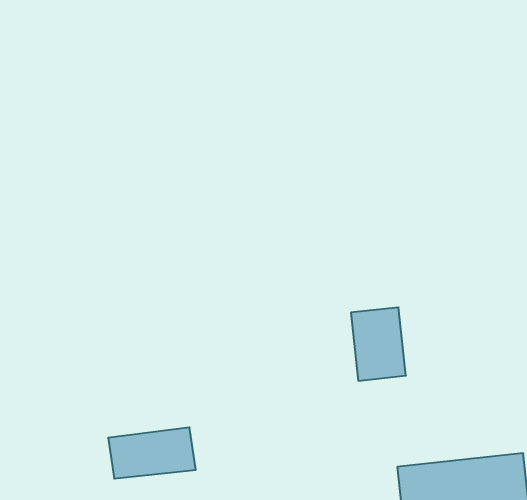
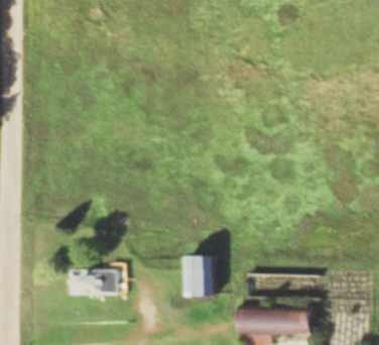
building: [351,307,406,381] -> [183,256,212,297]

